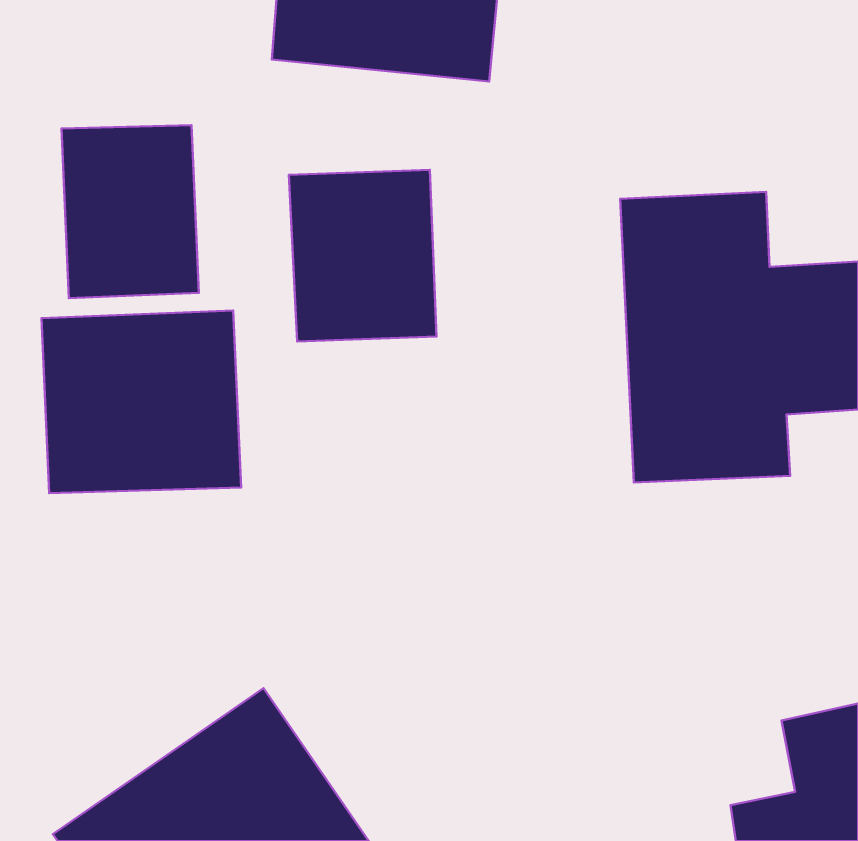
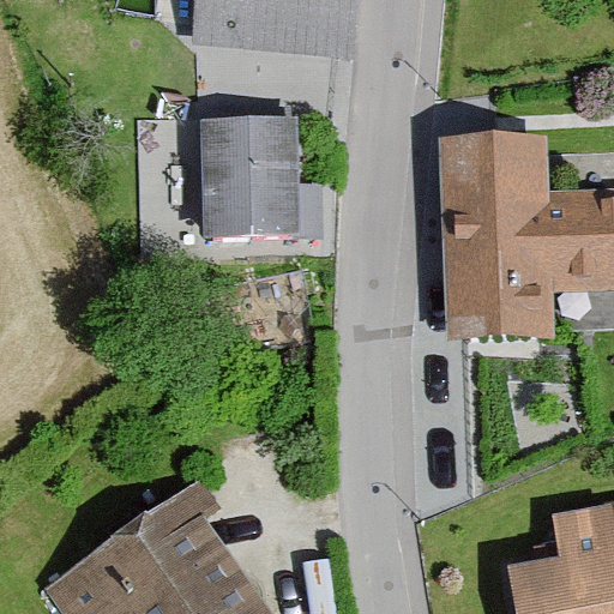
building: [61,125,199,298] -> none
building: [42,310,241,493] -> none

